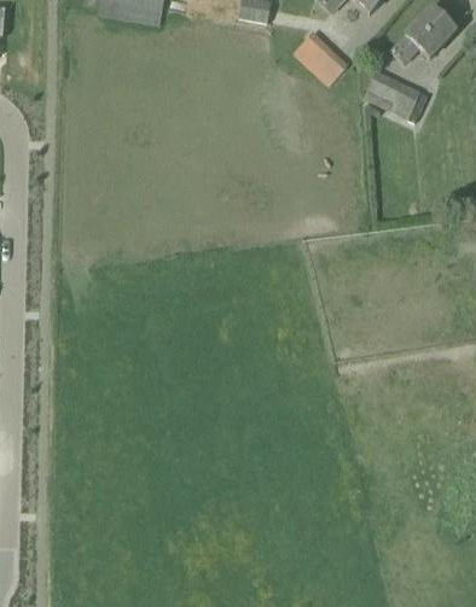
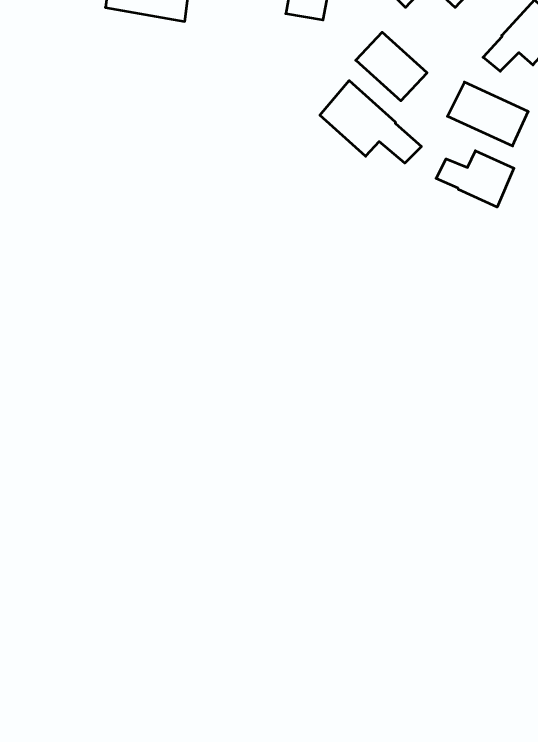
building: none -> [320,81,421,163]
building: none -> [436,151,514,207]

